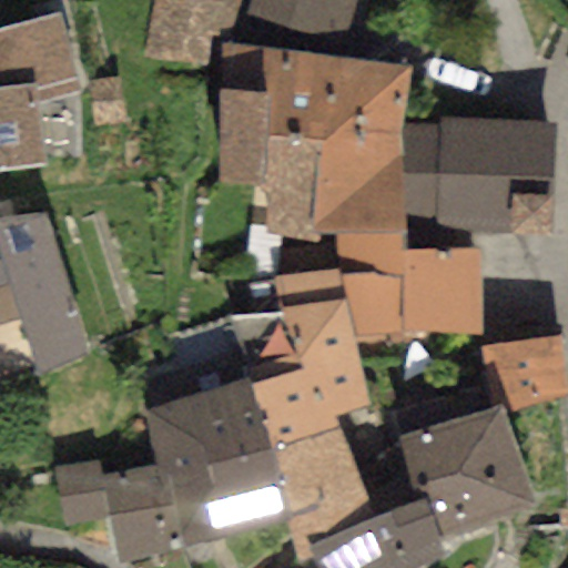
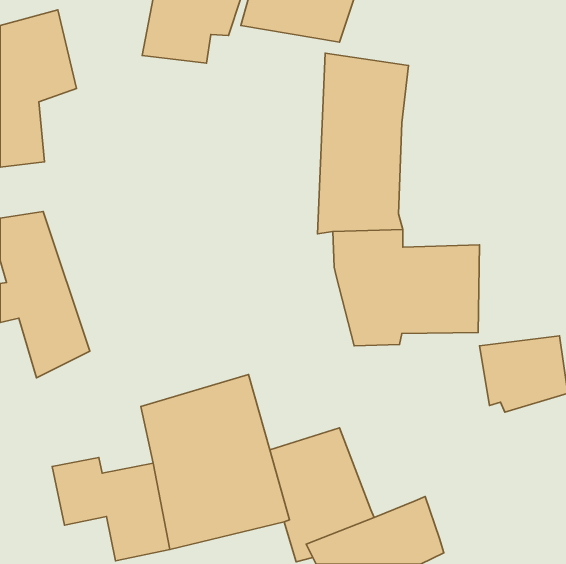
building: [217,42,326,240] -> none
building: [399,116,555,234] -> none
building: [230,267,369,450] -> none
building: [399,403,539,539] -> none

